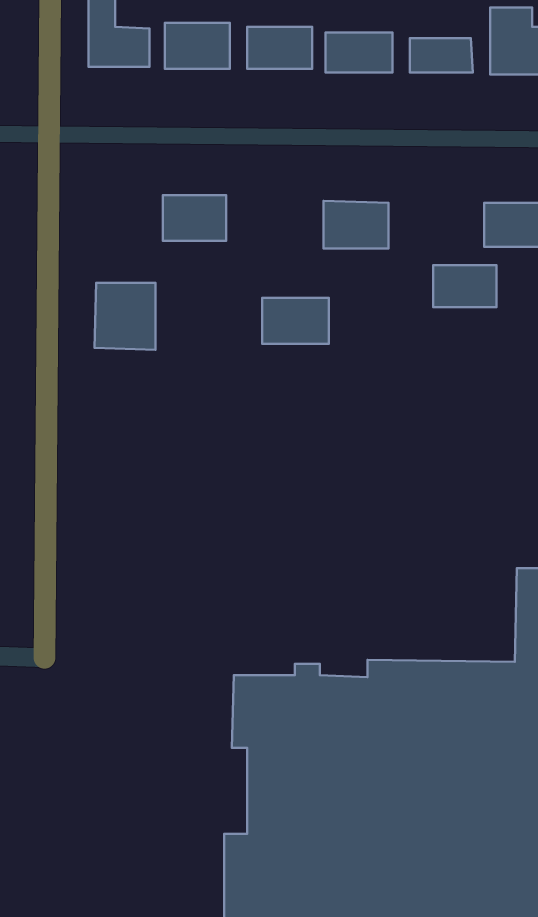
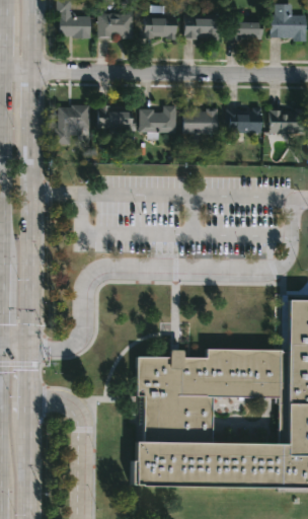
building: [433,265,496,307] -> [229,108,262,131]
building: [94,283,156,350] -> [58,105,90,141]
building: [262,298,329,344] -> [141,106,176,131]

